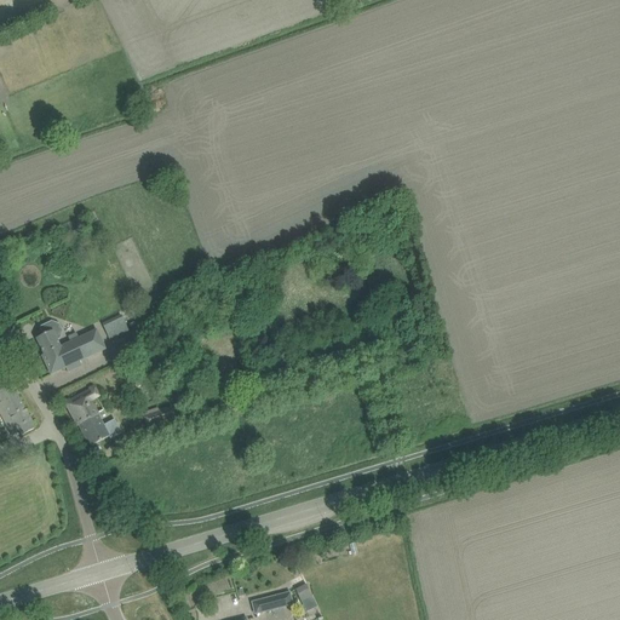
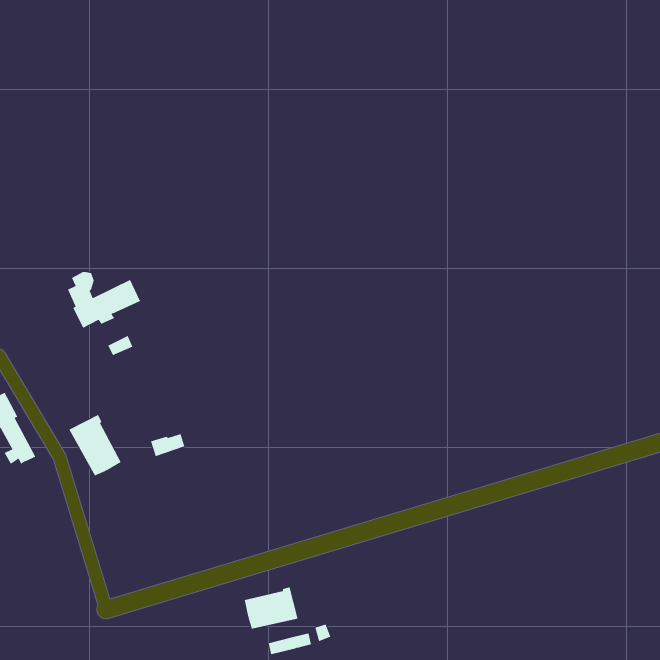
building: [35,321,104,374] -> [67,271,141,328]
building: none -> [244,587,298,629]

